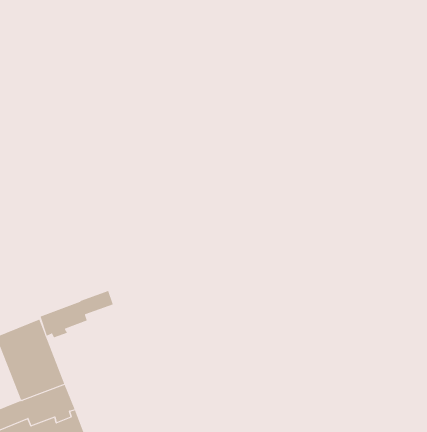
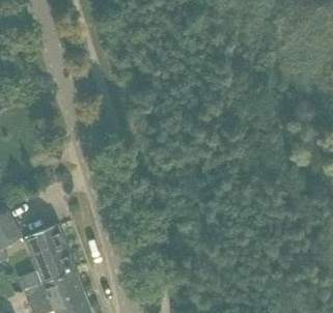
building: [40,290,113,338] -> none

